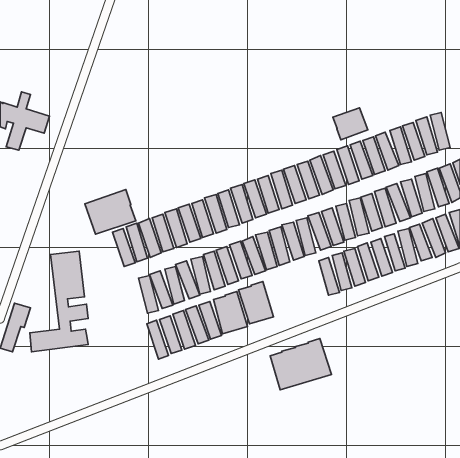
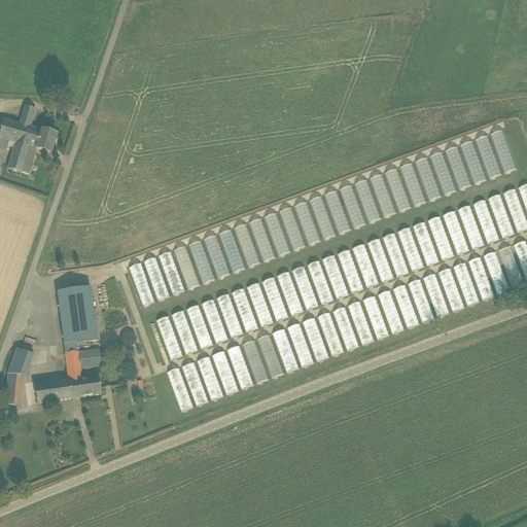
building: [333,108,368,140] -> none
building: [85,190,136,234] -> none
building: [270,339,331,390] -> [304,301,374,359]

